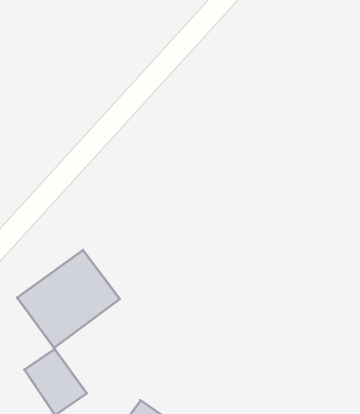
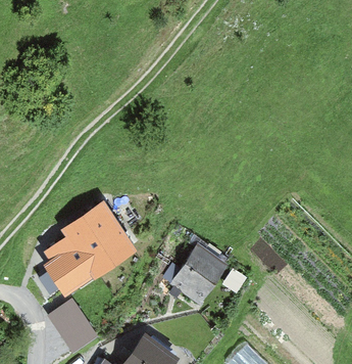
building: none -> [172,248,228,306]

